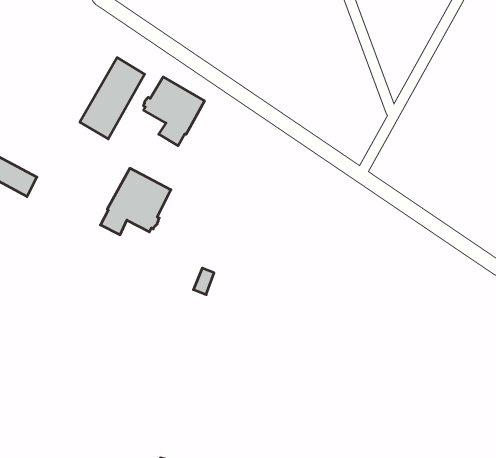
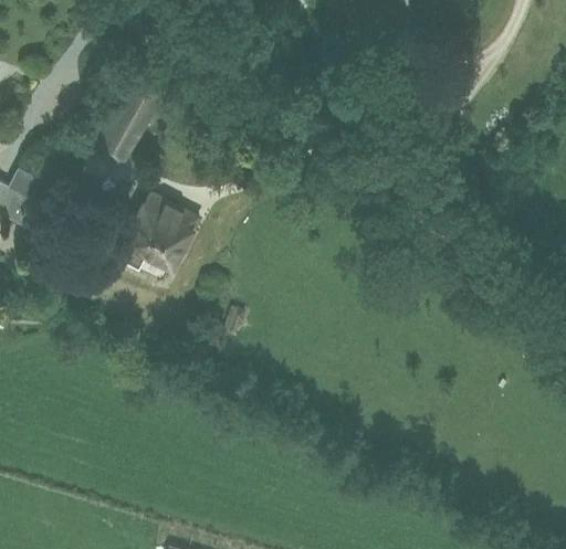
building: [144,77,204,146] -> none

